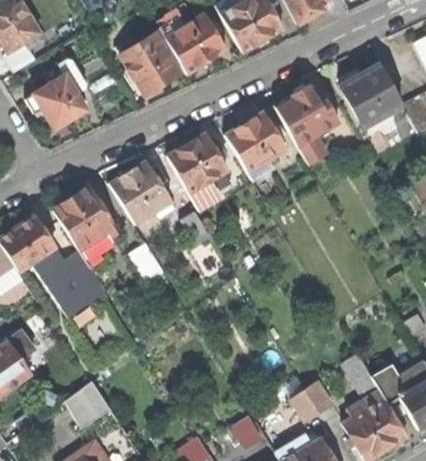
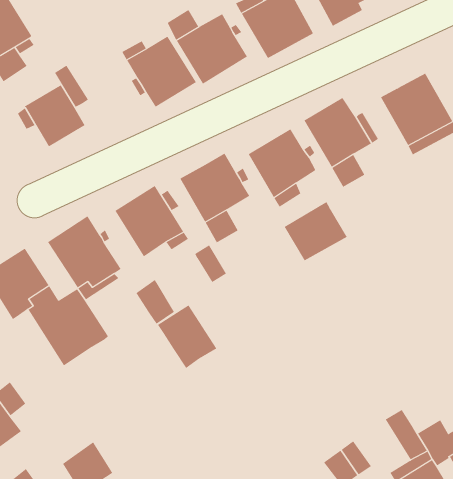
building: none -> [284,201,348,261]
building: none -> [157,304,217,369]

